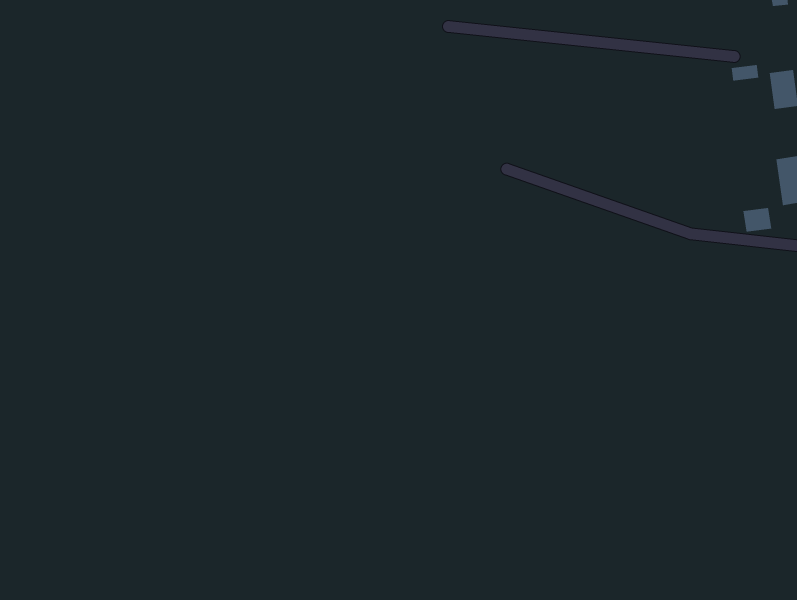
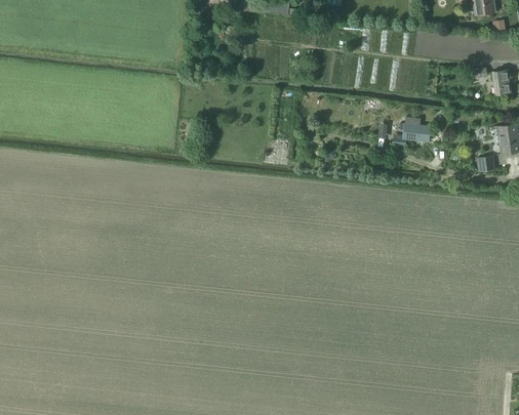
building: none -> [401,122,430,141]

